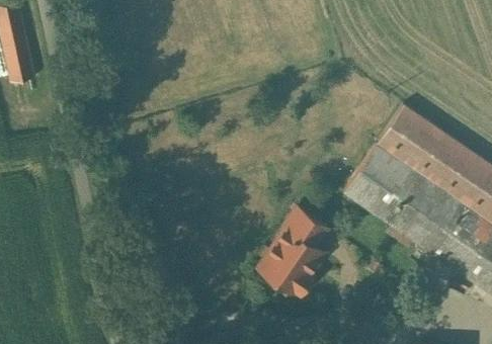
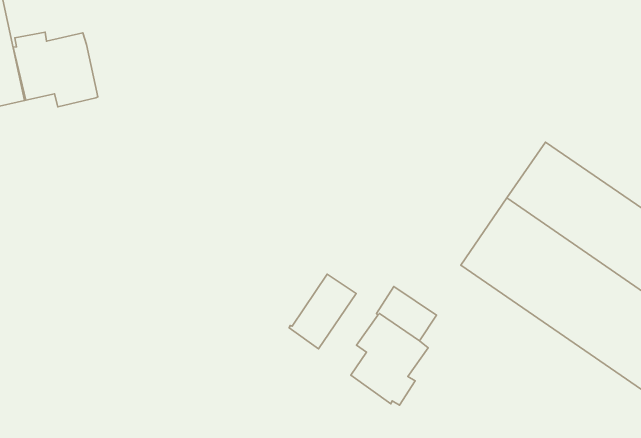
building: none -> [13,32,98,107]
building: none -> [289,274,356,349]

